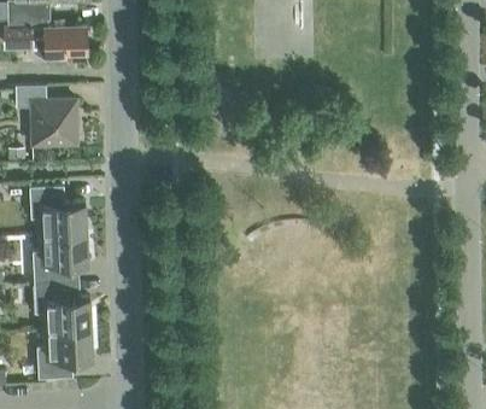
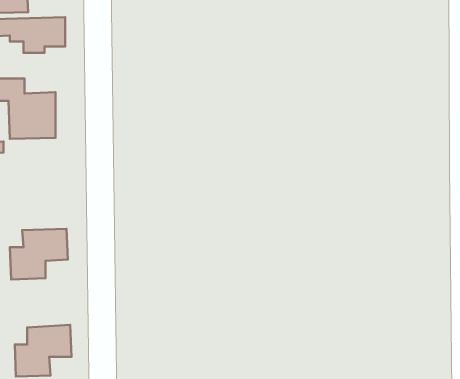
building: [30,186,88,234] -> none
building: [34,281,92,329] -> none

